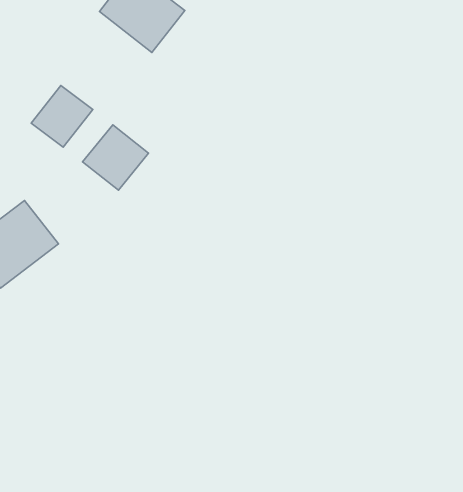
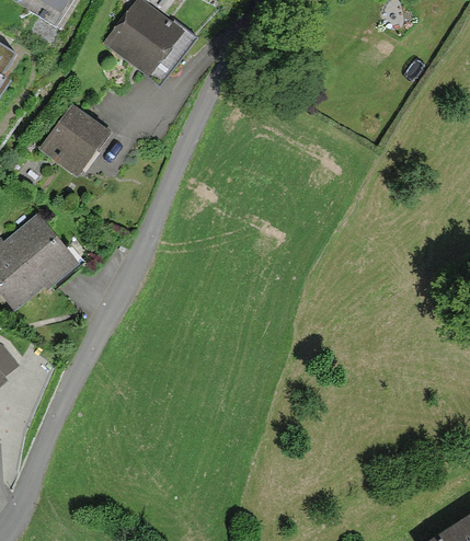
building: [83,125,149,190] -> none

